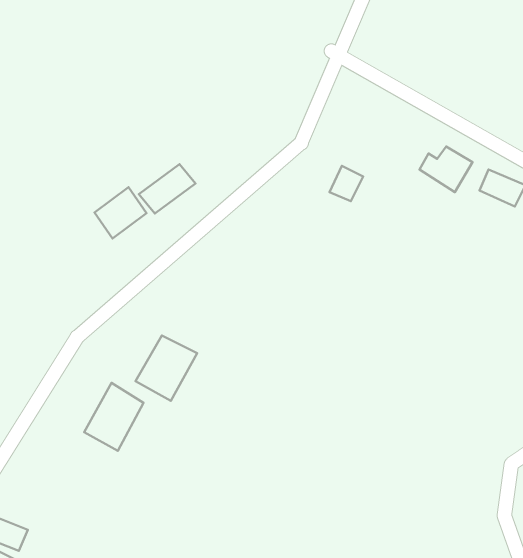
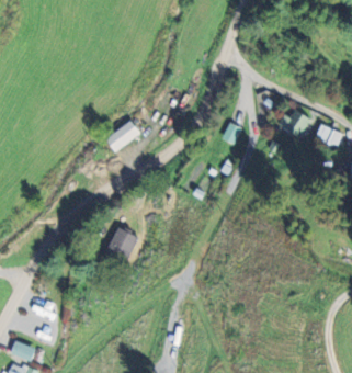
building: [95,187,147,238] -> none
building: [84,383,144,451] -> none

